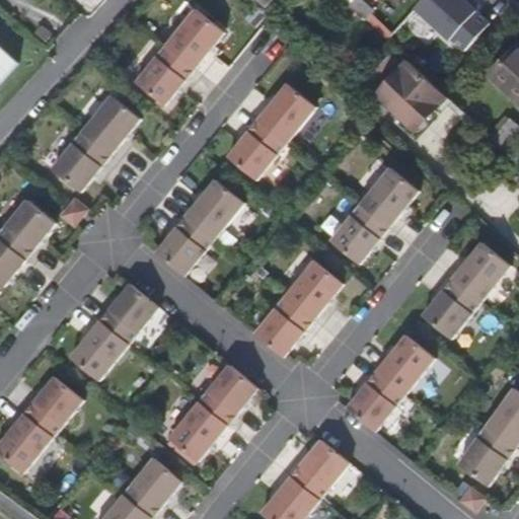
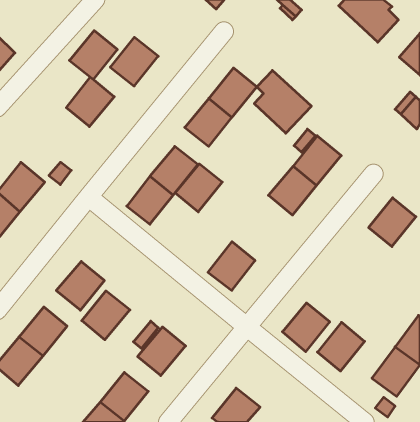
building: [164,9,223,69] -> [69,31,117,79]
building: [375,54,445,131] -> [254,70,311,133]
building: [51,132,109,192] -> none
building: [284,261,342,319] -> [175,164,222,212]
building: [421,279,479,339] -> none
building: [99,284,158,344] -> [82,291,130,340]
building: [375,335,433,394] -> [317,322,365,371]
building: [199,365,256,424] -> none
building: [289,439,349,499] -> none

